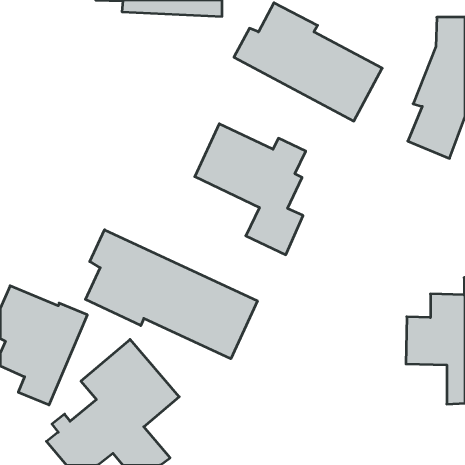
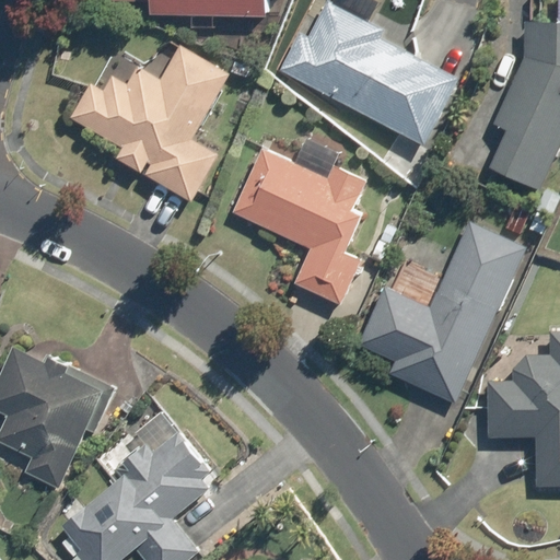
building: none -> [66,44,231,202]
building: none -> [360,222,526,404]
building: [85,230,257,359] -> none

